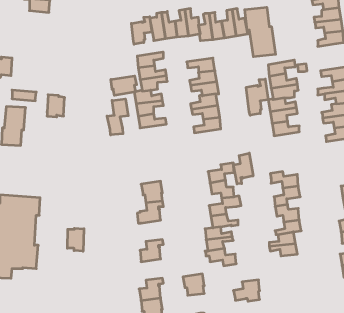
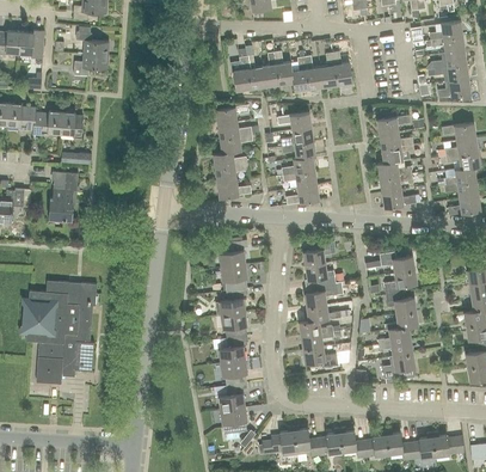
building: [245,7,276,57] -> none
building: none -> [74,53,107,75]
building: [131,17,152,44] -> none
building: [111,76,137,95] -> none
building: [246,79,268,115] -> none
building: [47,95,65,117] -> [61,111,82,139]
building: [107,99,128,135] -> none
building: [233,153,253,184] -> none
building: none -> [220,239,248,266]
building: none -> [221,311,247,337]
building: [67,228,84,251] -> none
building: [183,274,204,295] -> [221,358,247,385]
building: [233,280,260,301] -> [382,353,414,379]

